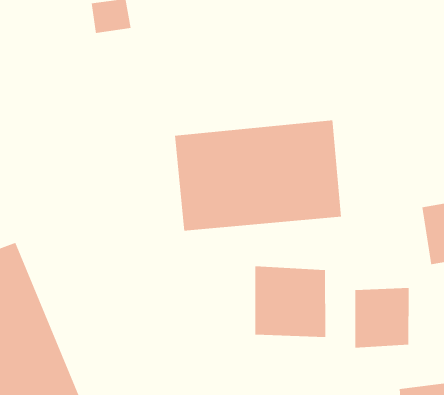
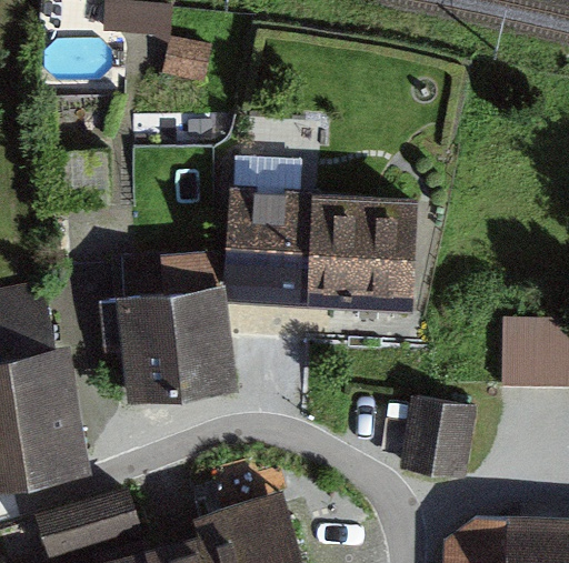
building: none -> [114,289,236,404]
building: [255,265,326,338] -> none

